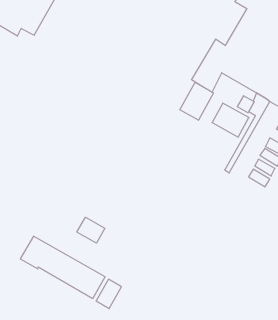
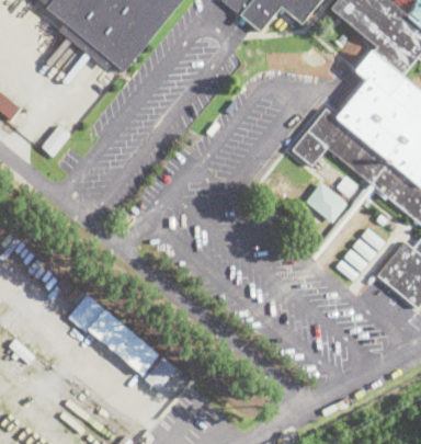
building: [180,82,214,120] -> none
building: [77,217,105,243] -> none

